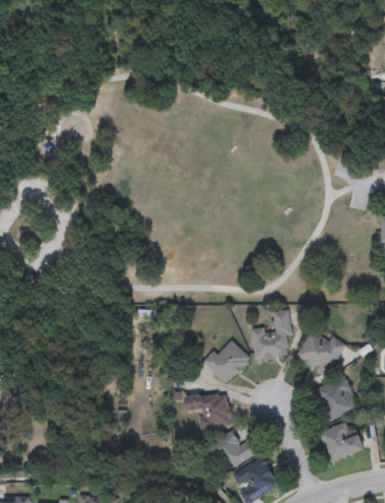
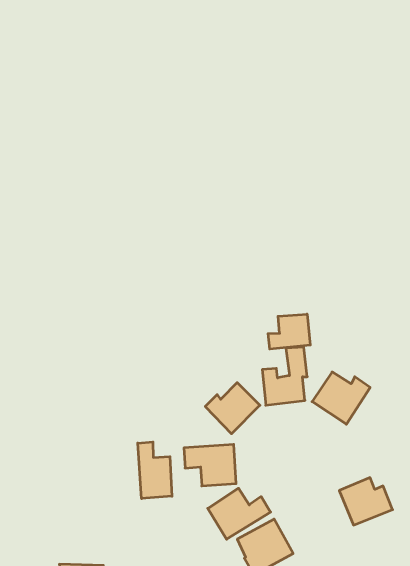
building: none -> [268,314,310,349]
building: [316,378,358,421] -> none
building: none -> [138,442,172,499]

